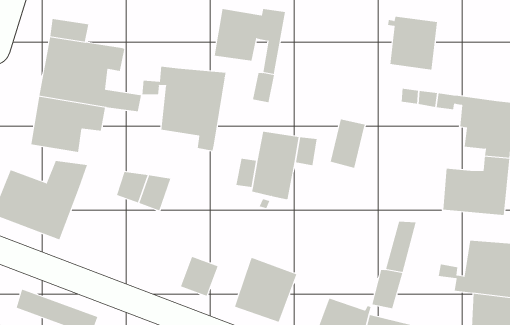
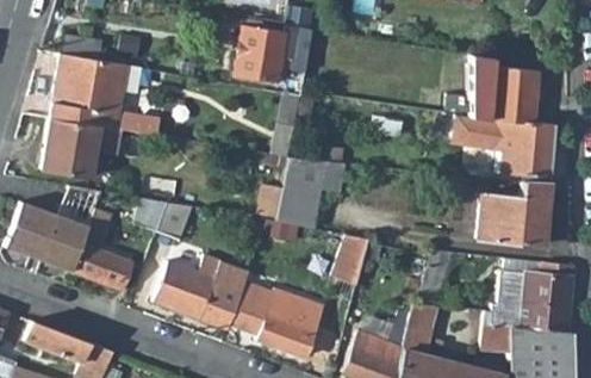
building: [387,16,438,70] -> [487,66,541,123]
building: [142,66,226,151] -> none
building: [330,119,366,169] -> [330,234,368,286]
building: none -> [73,215,135,291]
building: none -> [155,255,222,320]
building: none -> [231,283,274,334]

